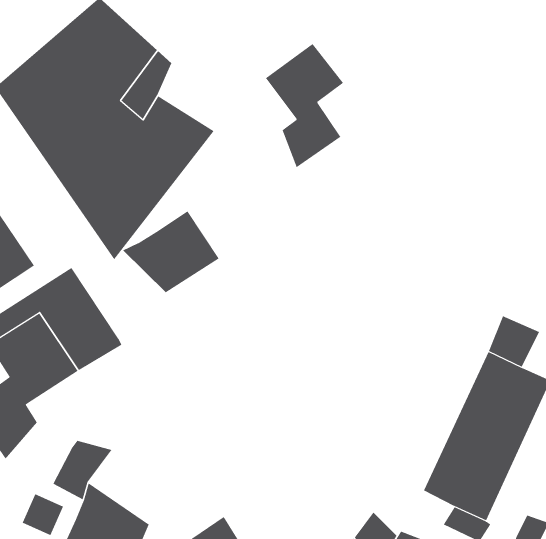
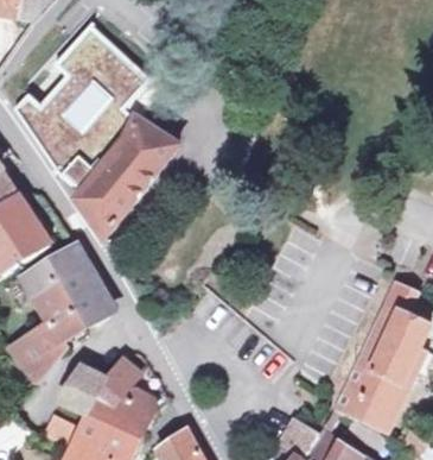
building: [265,43,344,168] -> none
building: [122,211,220,293] -> none
building: none -> [89,355,148,434]

